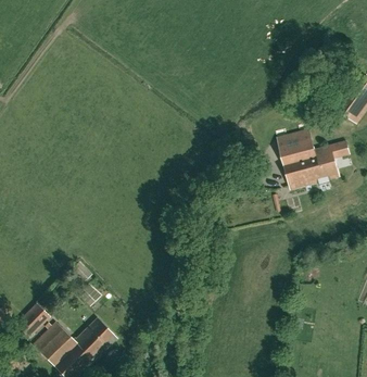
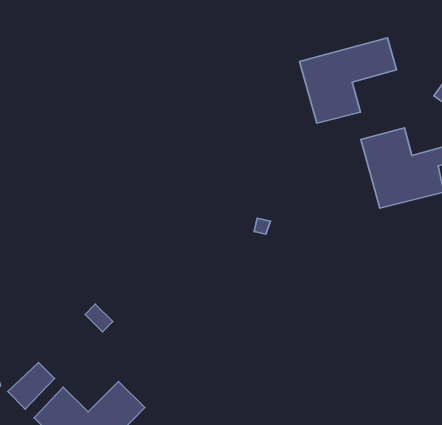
building: none -> [299,38,396,123]

